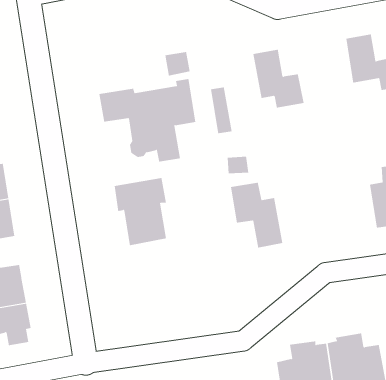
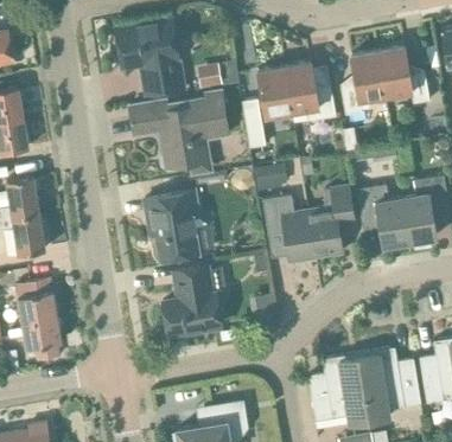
building: none -> [115,21,182,96]
building: none -> [339,52,384,118]
building: none -> [256,68,292,117]
building: none -> [356,186,408,248]
building: none -> [306,187,354,258]
building: none -> [161,267,221,337]

